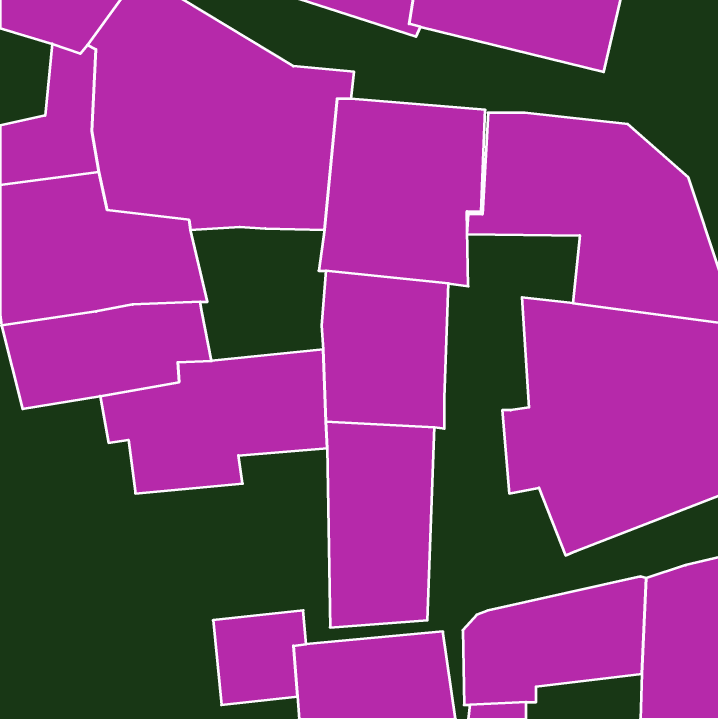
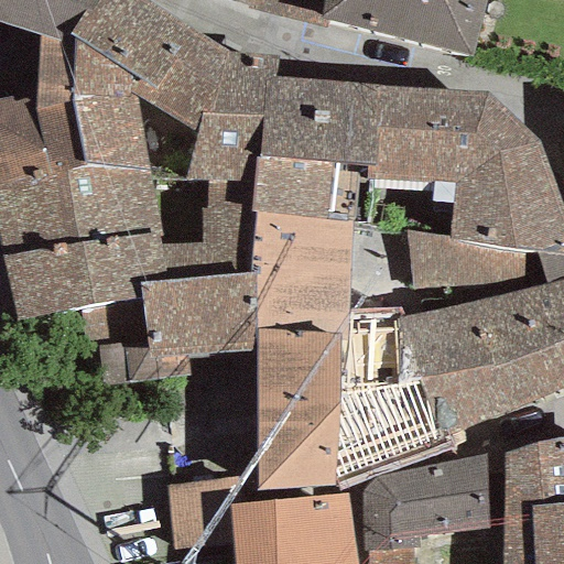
building: none -> [160,178,257,282]
building: none -> [336,310,456,485]

